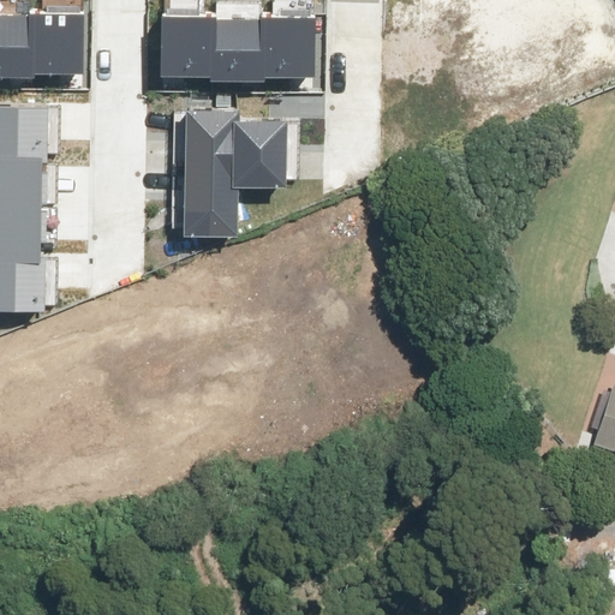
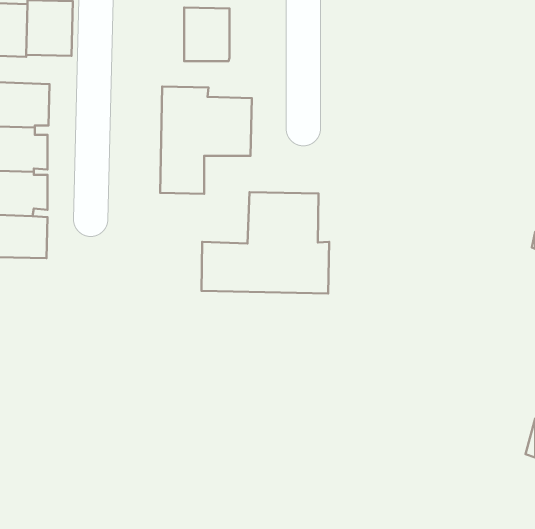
building: [159,16,210,76] -> none
building: [262,17,314,77] -> none
building: none -> [201,192,329,293]

